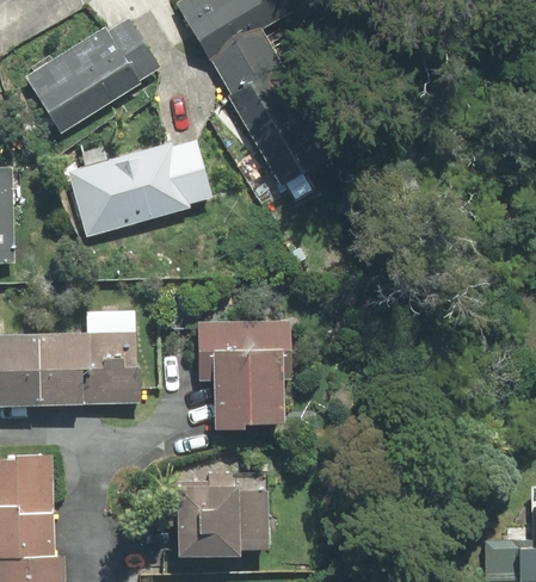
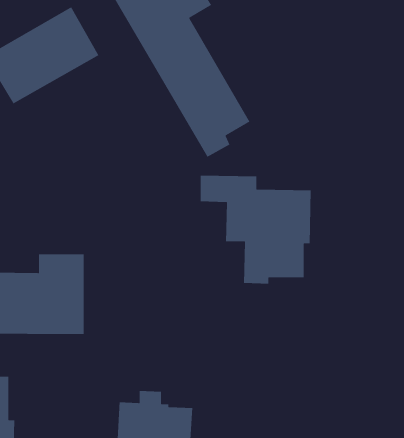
building: [64,138,212,241] -> none
building: [164,301,296,431] -> [200,175,312,284]

